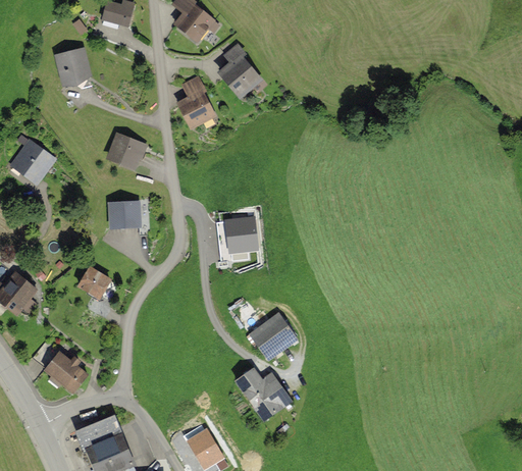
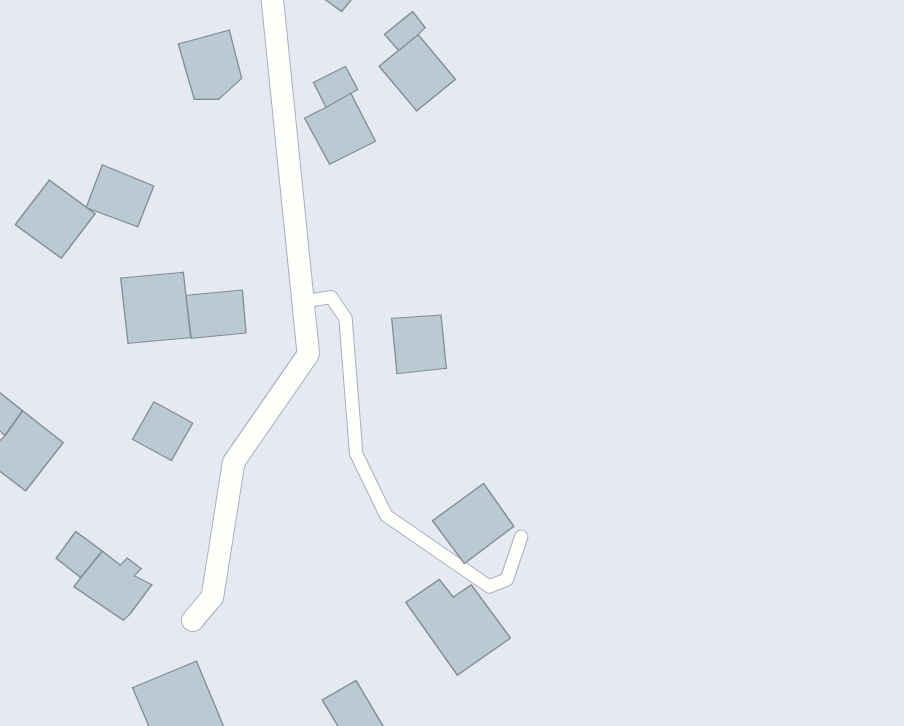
building: [54,47,91,87] -> [178,30,242,99]
building: [106,134,145,169] -> [86,165,154,227]
building: none -> [121,272,190,344]

